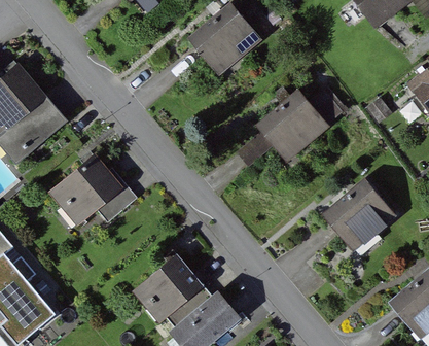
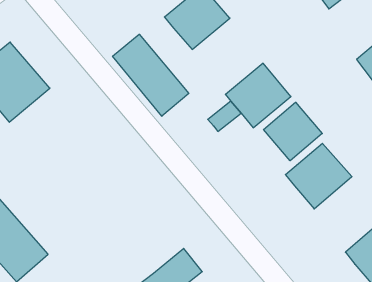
building: none -> [113,34,189,116]
building: none -> [264,102,322,161]
building: [45,154,120,228] -> none
building: [131,253,211,324] -> none

